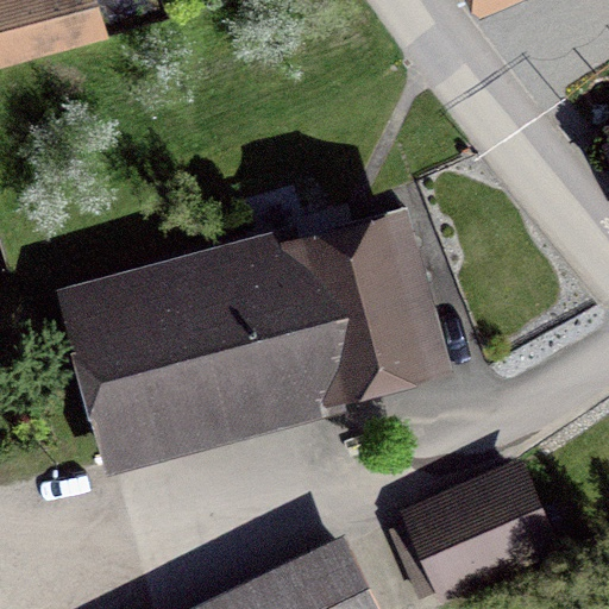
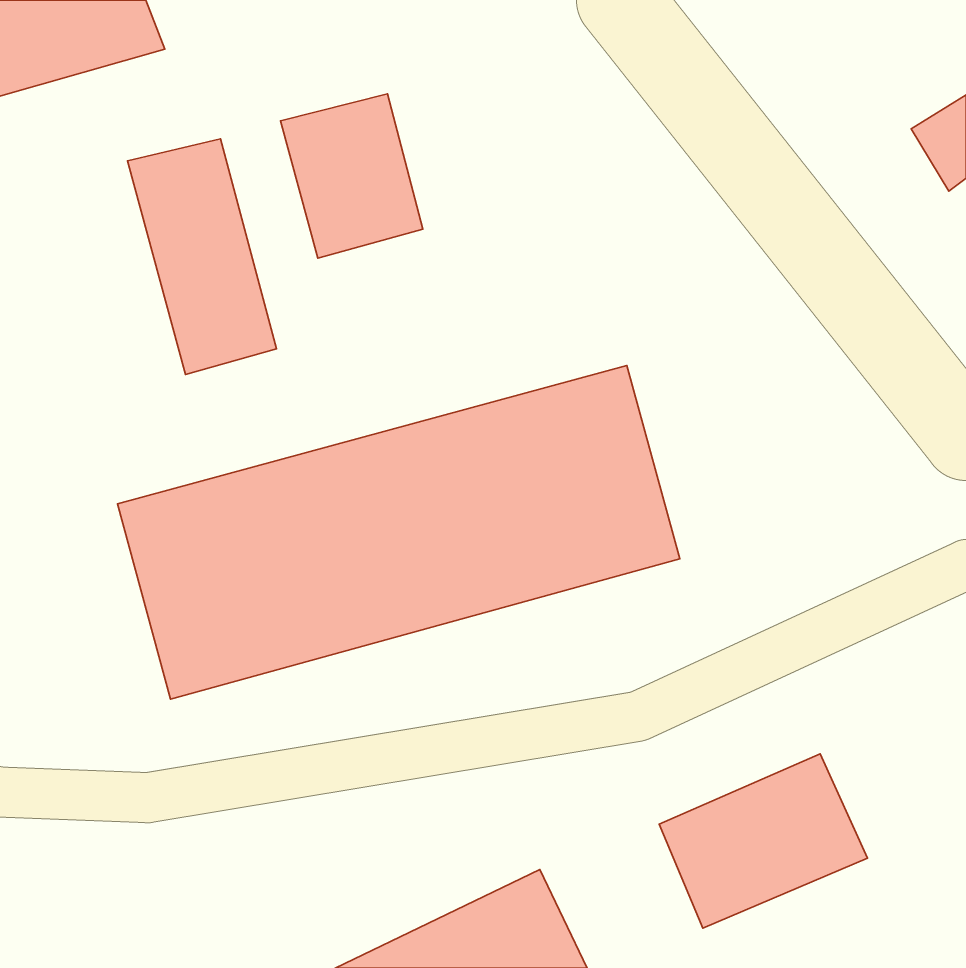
building: none -> [281,94,423,258]
building: none -> [127,139,276,375]

